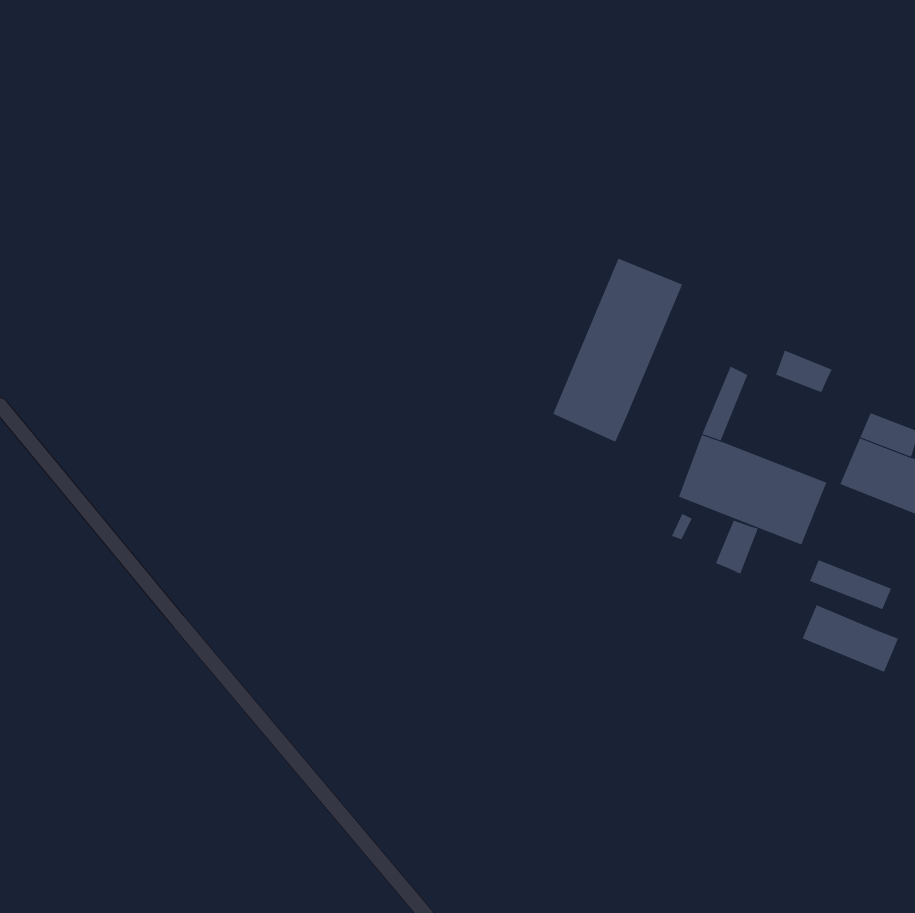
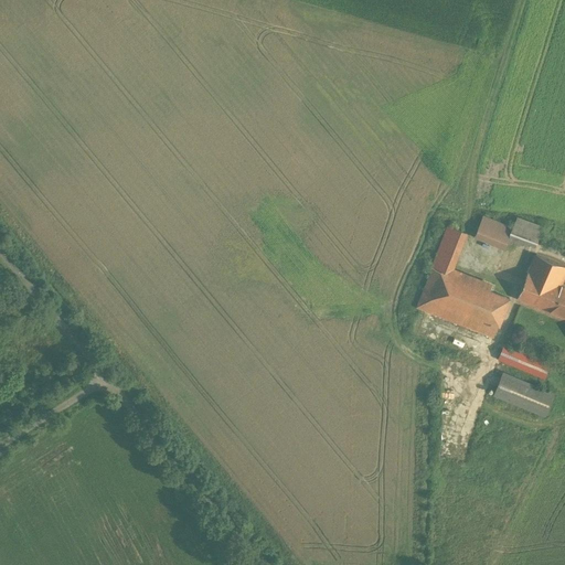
building: [552,258,683,442] -> none
building: none -> [511,218,543,244]
building: [715,520,759,575] -> none

